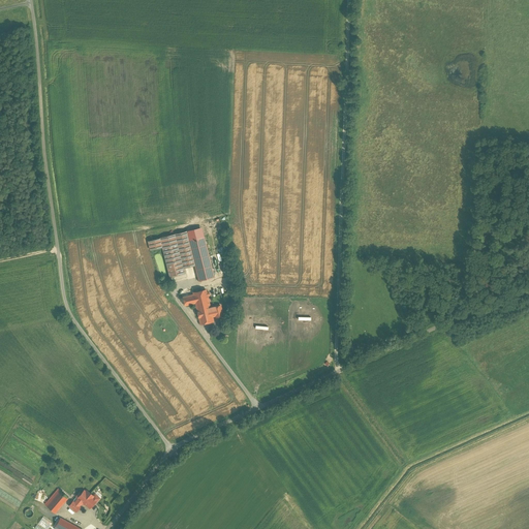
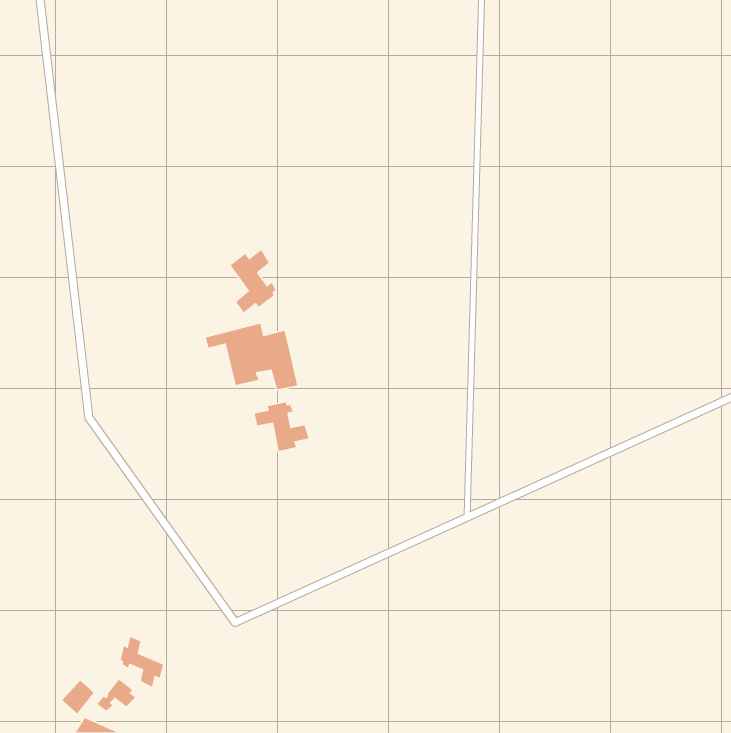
building: none -> [229,249,276,314]
building: none -> [120,636,164,688]

